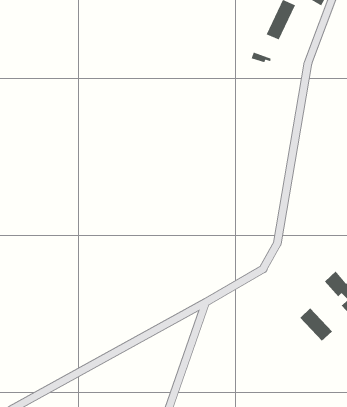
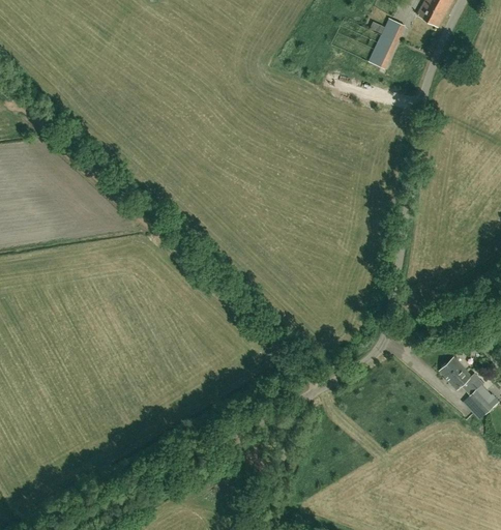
building: [300,307,333,341] -> none

